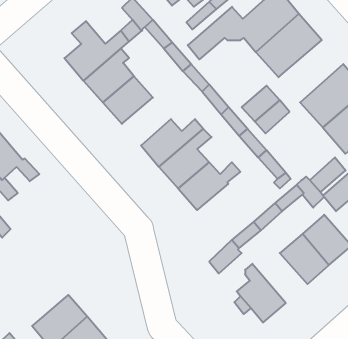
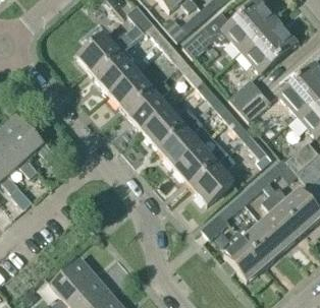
building: none -> [126,79,170,130]
building: none -> [191,163,233,204]
building: none -> [237,222,284,264]

